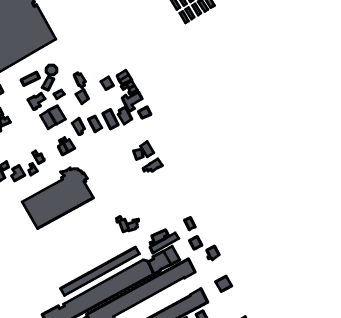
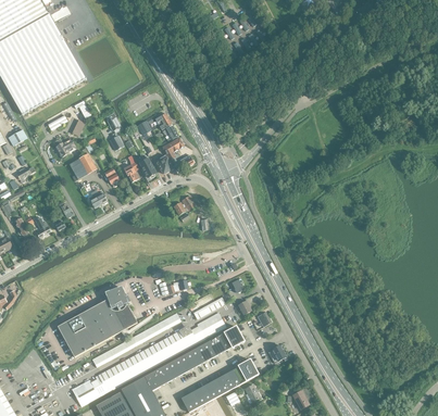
building: [22,168,93,229] -> [57,288,137,356]

